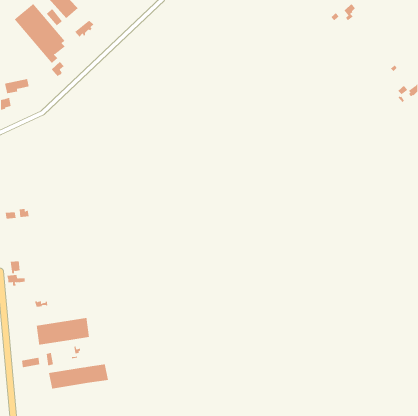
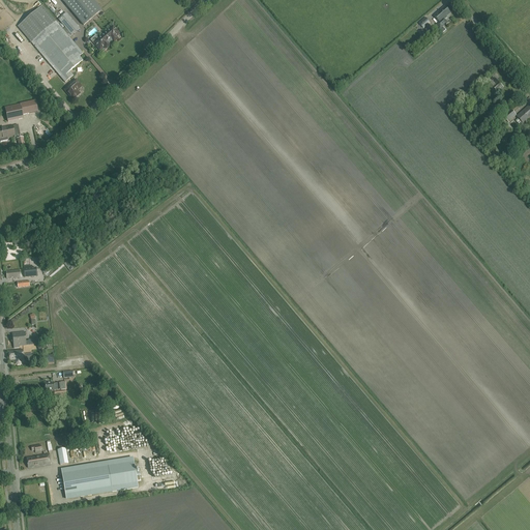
building: [36,317,89,346] -> none

